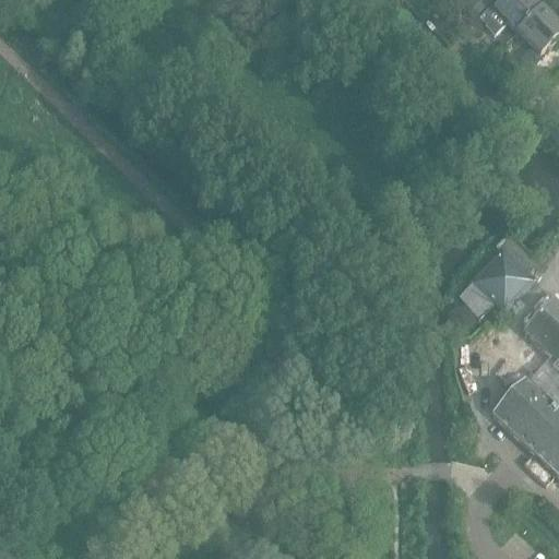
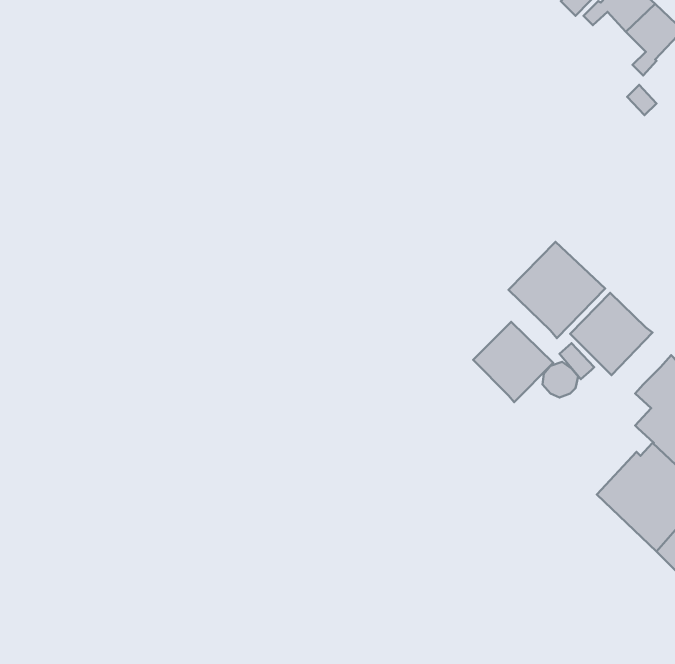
building: none -> [509,242,605,338]
building: none -> [473,322,553,402]

